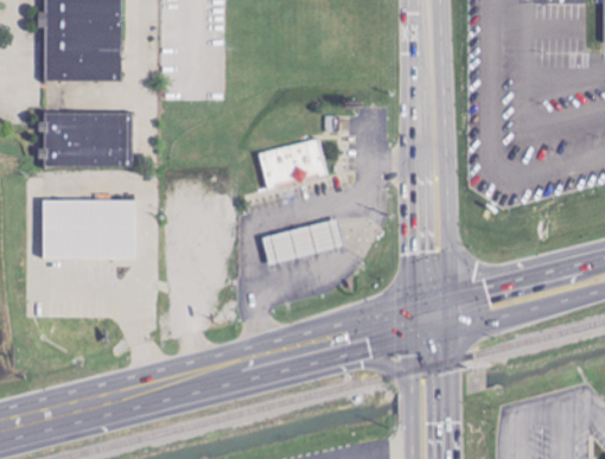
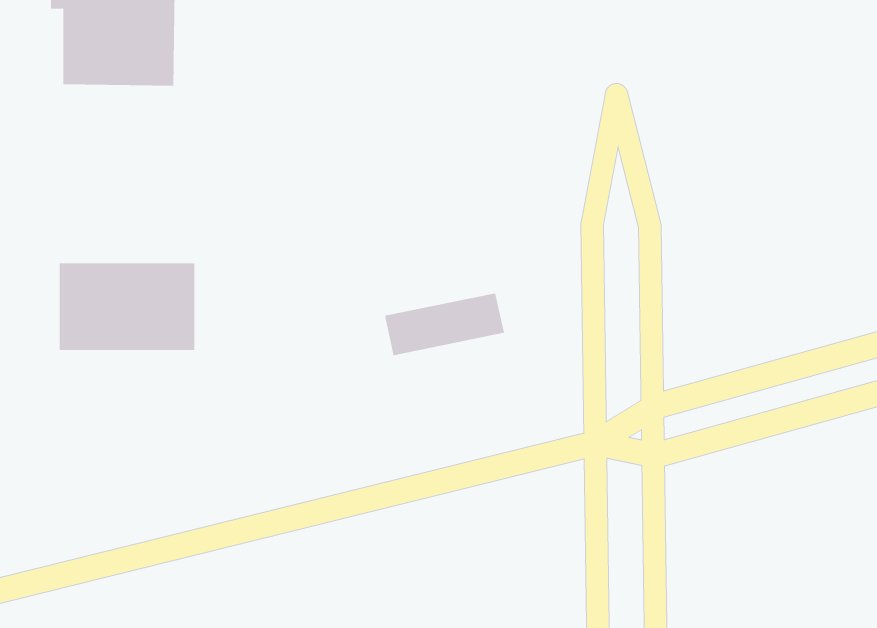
building: [36,111,130,166] -> none
building: [257,138,326,187] -> none

